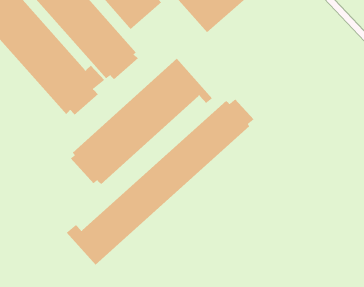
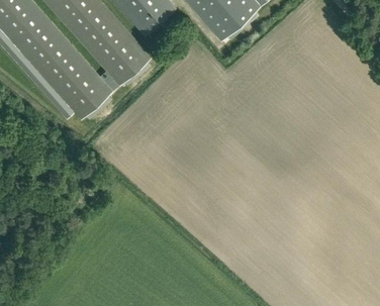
building: [70,58,213,185] -> none
building: [66,98,254,266] -> none

